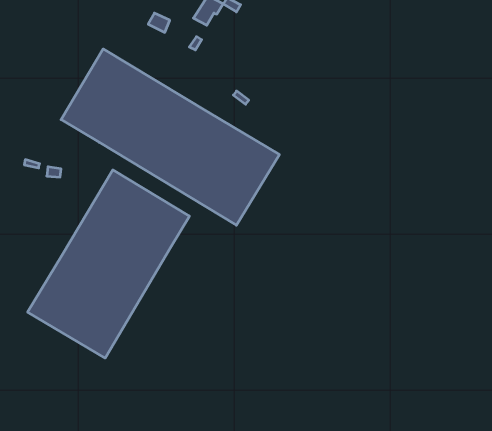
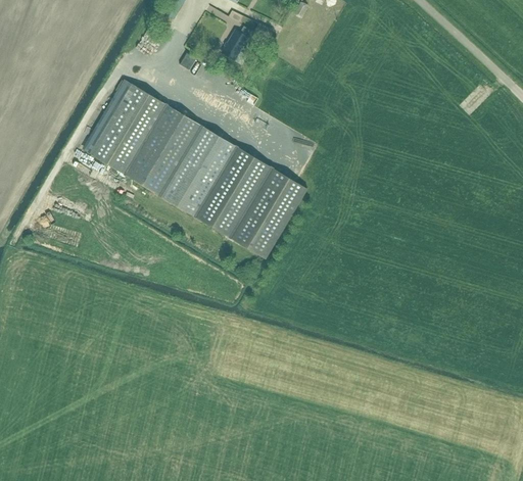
building: [28,170,189,358] -> none

